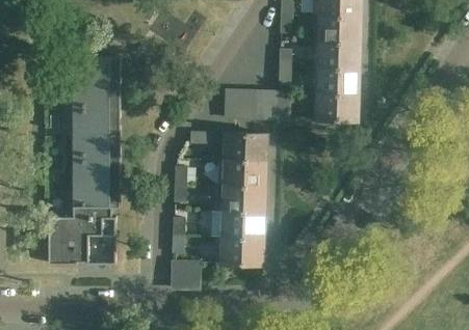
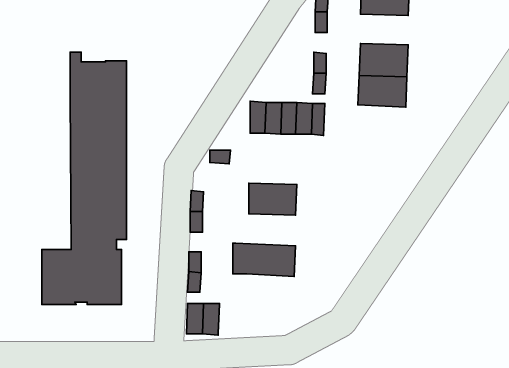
building: [318,18,359,44] -> none
building: [316,94,357,121] -> none
building: [224,134,265,162] -> none
building: [212,187,263,214] -> none
building: [220,238,262,266] -> none

